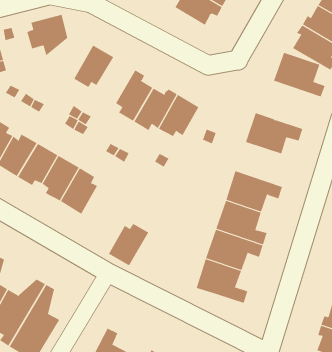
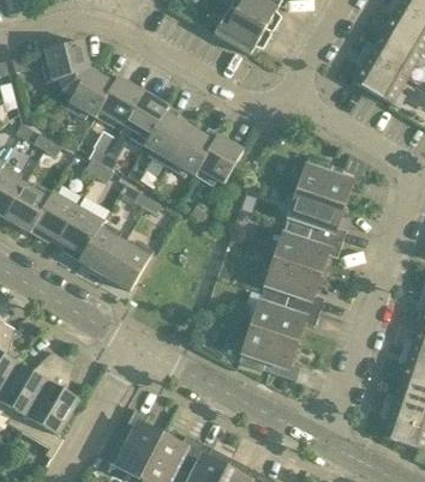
building: none -> [62,68,118,119]
building: [273,52,325,97] -> [285,191,346,243]
building: none -> [122,91,167,145]
building: [108,223,149,266] -> [104,240,152,290]

